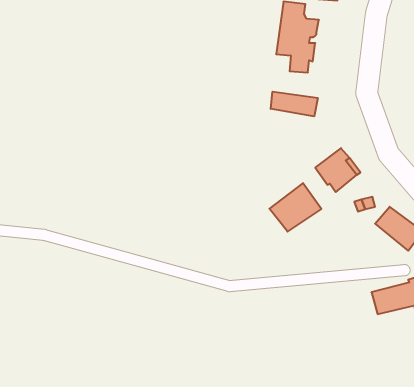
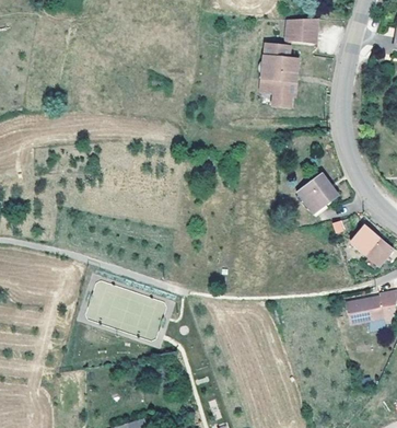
building: [271,92,318,116] -> none
building: [269,183,321,232] -> none

